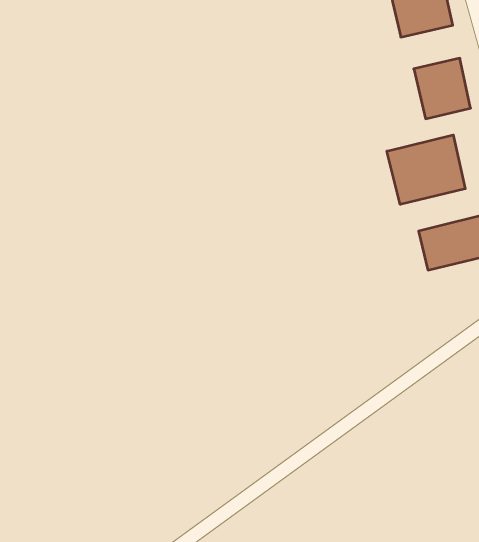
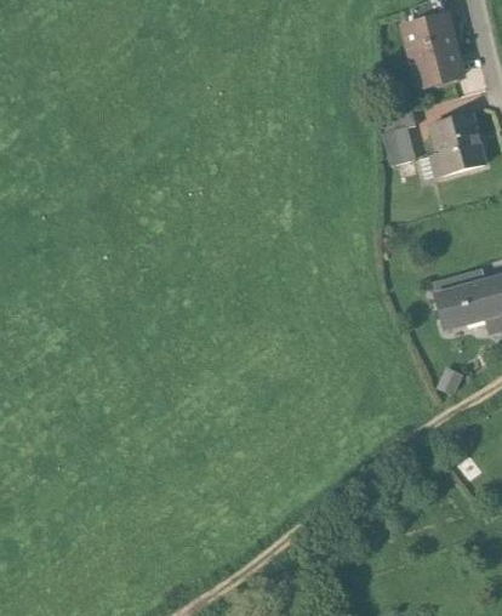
building: none -> [383,129,417,169]
building: [387,135,465,204] -> none

